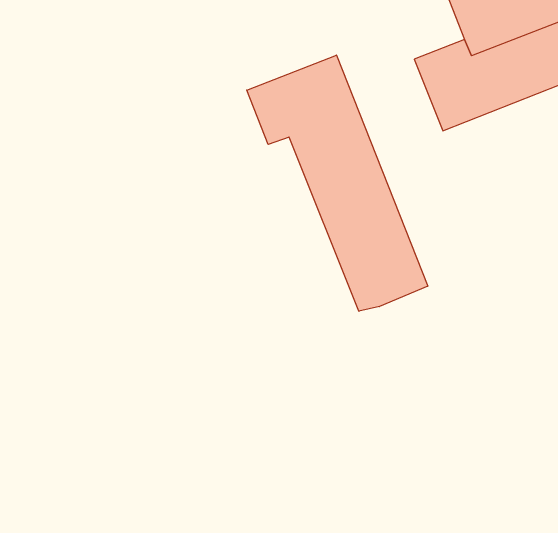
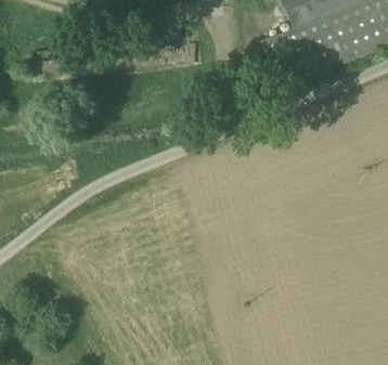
building: [247,55,428,311] -> none

